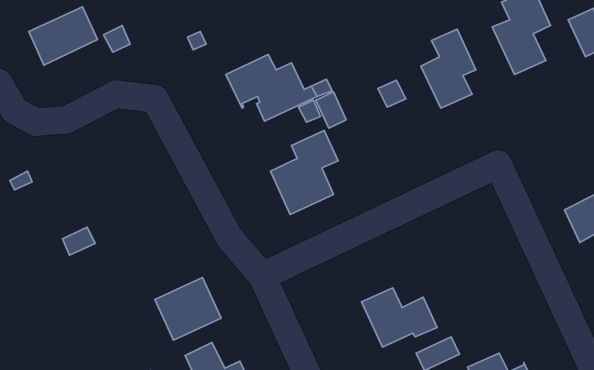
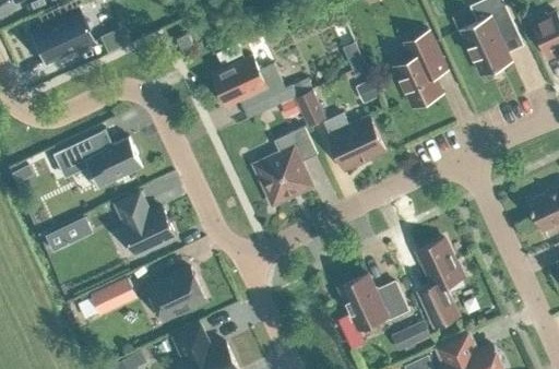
building: none -> [324,114,385,171]
building: none -> [50,129,143,190]
building: none -> [114,192,176,255]
building: none -> [417,238,465,328]
building: none -> [94,279,140,317]

